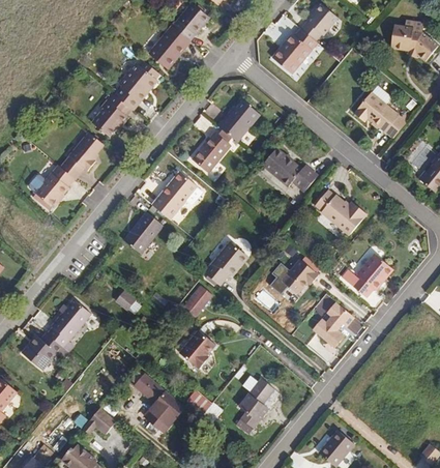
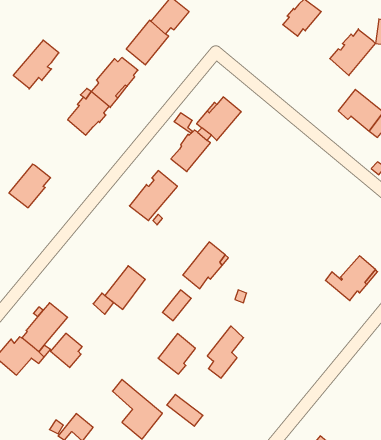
building: [272,28,317,74] -> [330,29,376,76]
building: [59,131,104,179] -> [13,40,59,89]
building: [262,147,318,192] -> none
building: [315,189,368,235] -> none
building: [123,211,163,254] -> [105,266,145,309]
building: [268,260,318,294] -> none
building: [312,302,353,348] -> none
building: none -> [51,333,82,368]
building: [239,377,274,428] -> [207,326,244,378]

